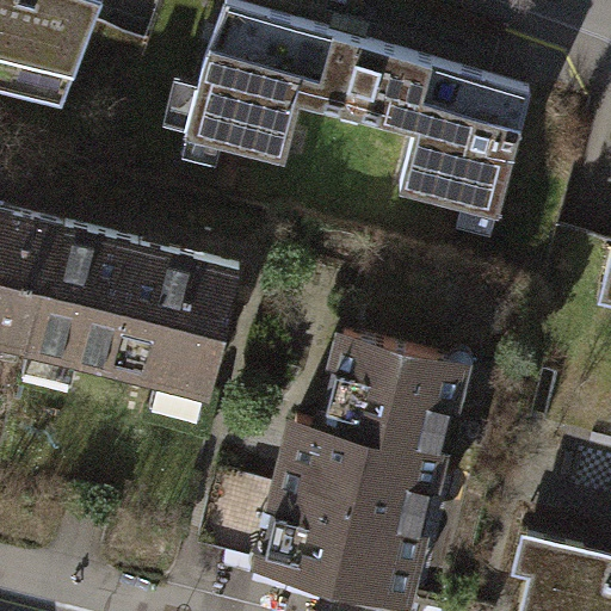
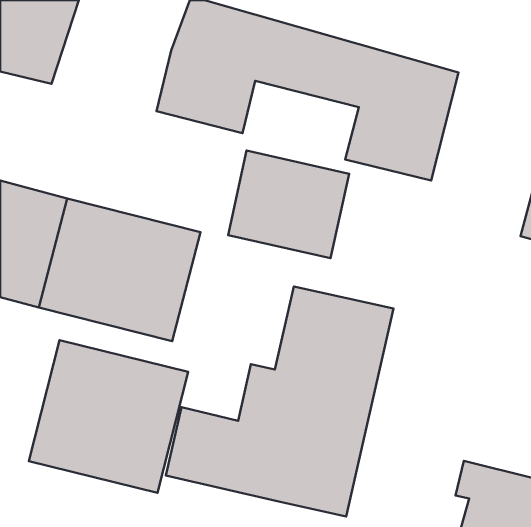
building: none -> [228,151,349,258]
building: none -> [29,340,188,493]

